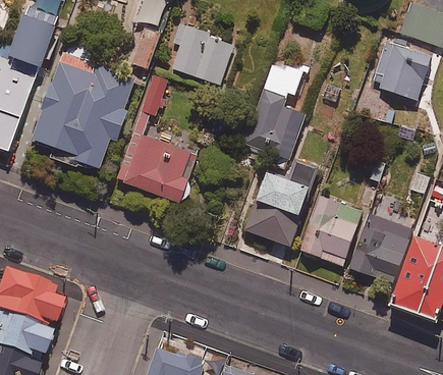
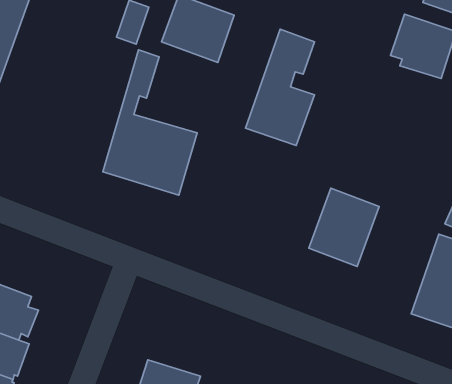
building: [33,39,133,171] -> none
building: [246,163,317,246] -> none
building: [349,216,412,283] -> none

